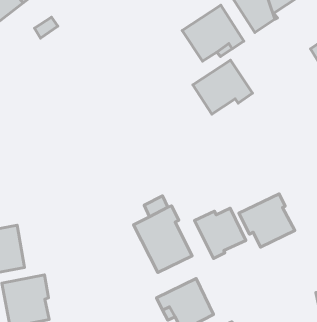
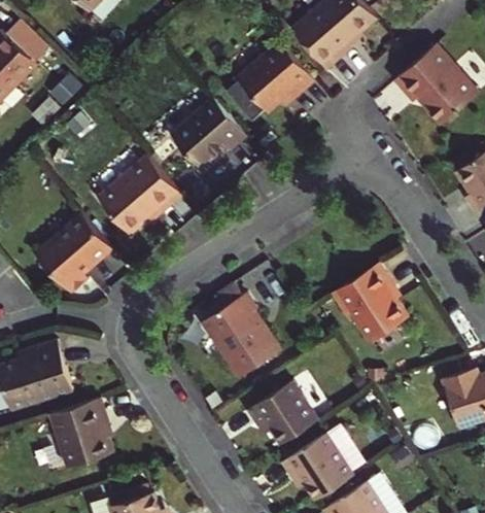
building: [193,60,252,114] -> [171,97,246,167]
building: none -> [98,153,181,233]
building: none -> [36,210,112,293]
building: [195,208,246,258] -> none

